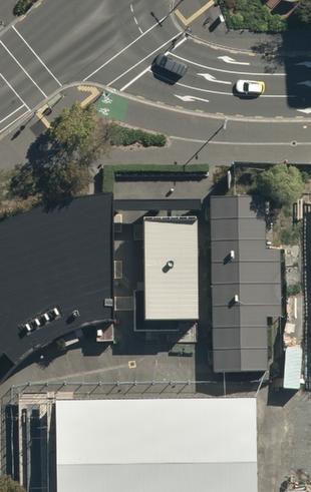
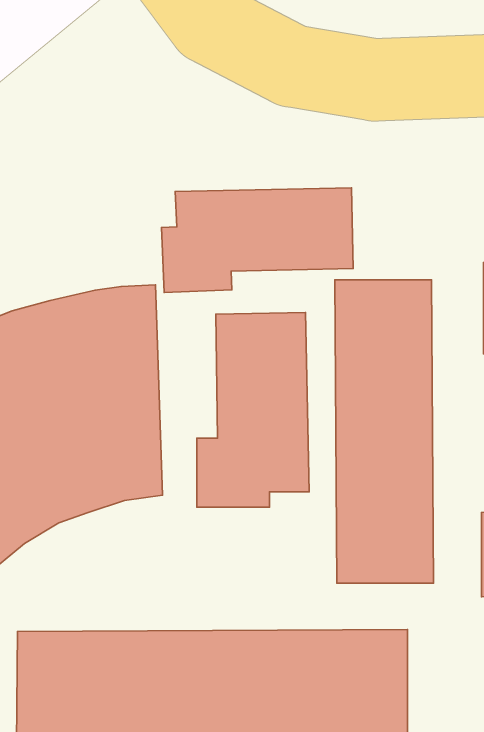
building: none -> [161,188,353,292]

